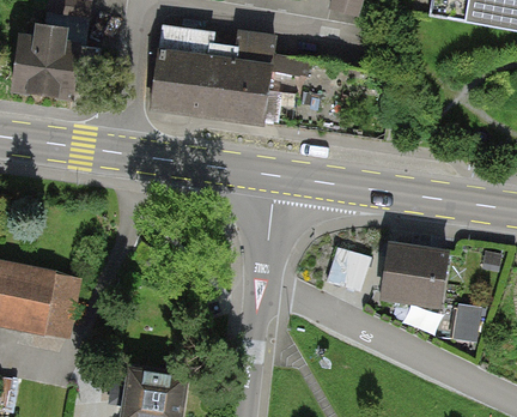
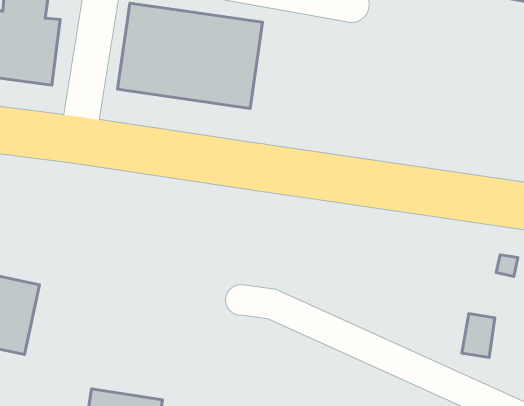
building: [381,243,448,308] -> none
building: [327,247,369,291] -> none

